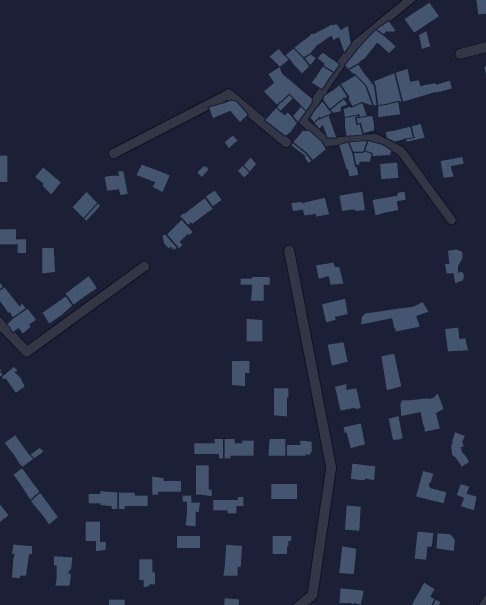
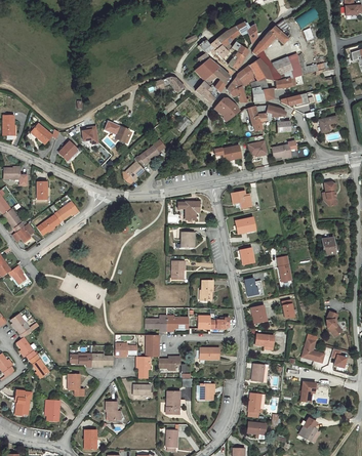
building: [361,302,430,332] -> none
building: [400,393,444,432] -> none

